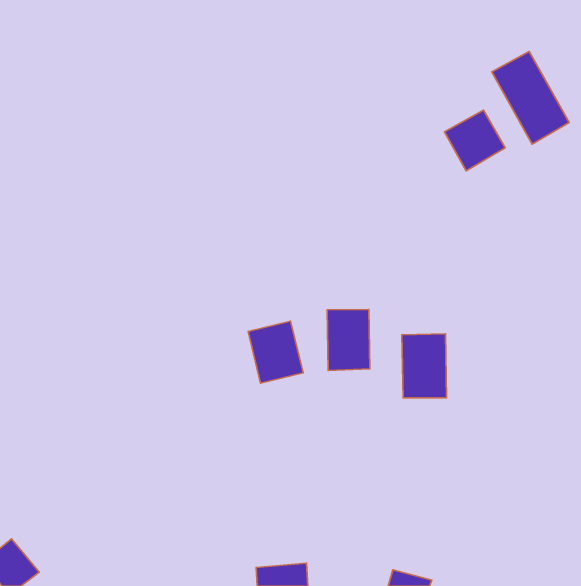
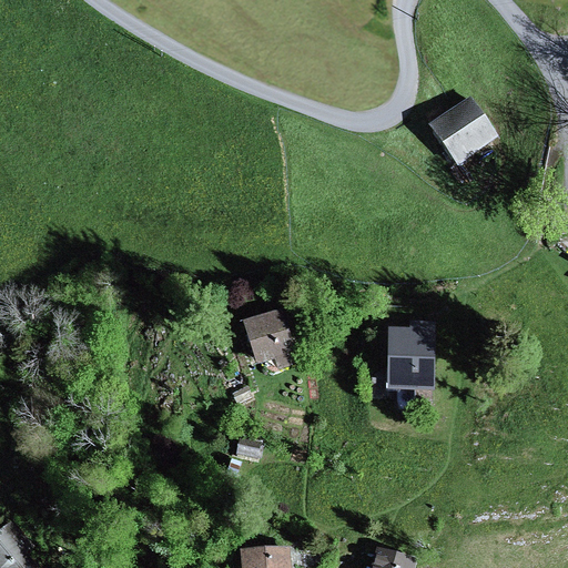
building: [492,51,569,144] -> none
building: [327,309,370,370] -> none

